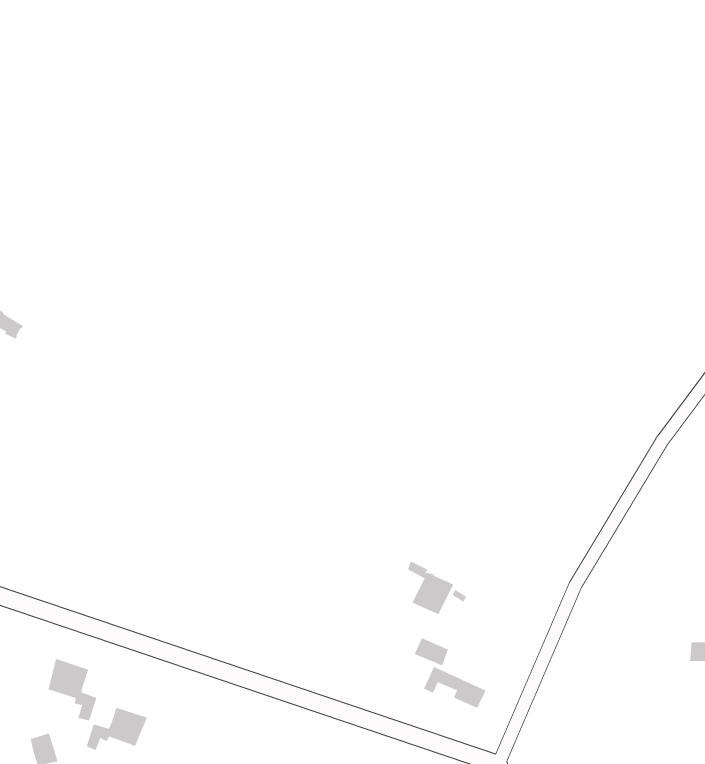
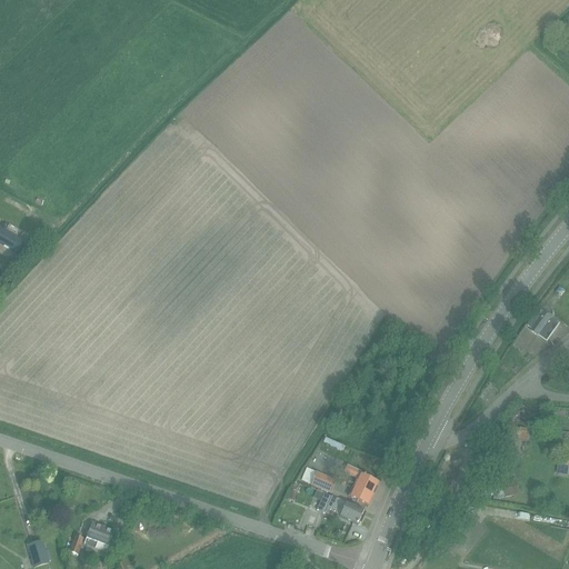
building: [407,560,454,615] -> [343,462,378,502]
building: [48,658,97,721] -> none

